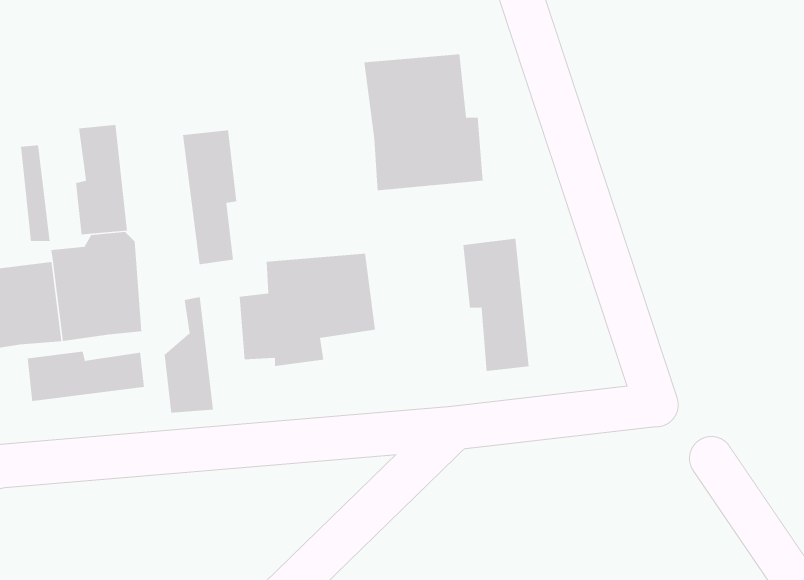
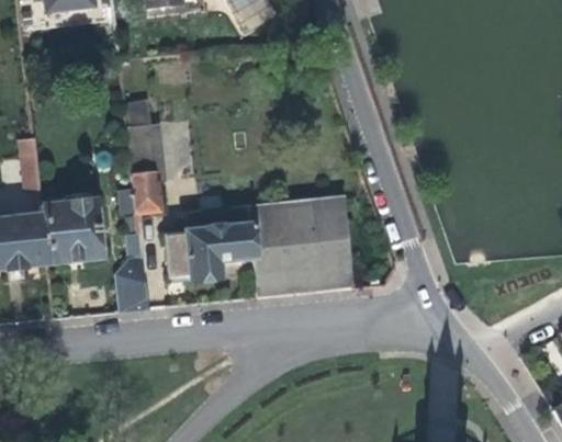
building: [363,54,484,191] -> [247,203,326,293]
building: [76,124,127,235] -> none
building: [27,351,145,402] -> none

